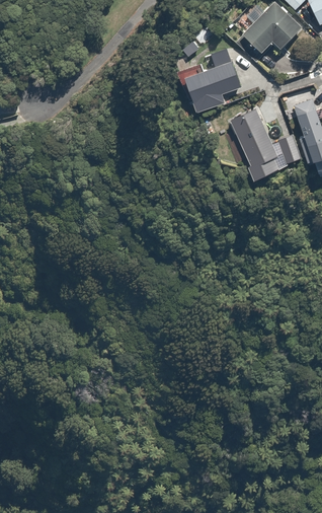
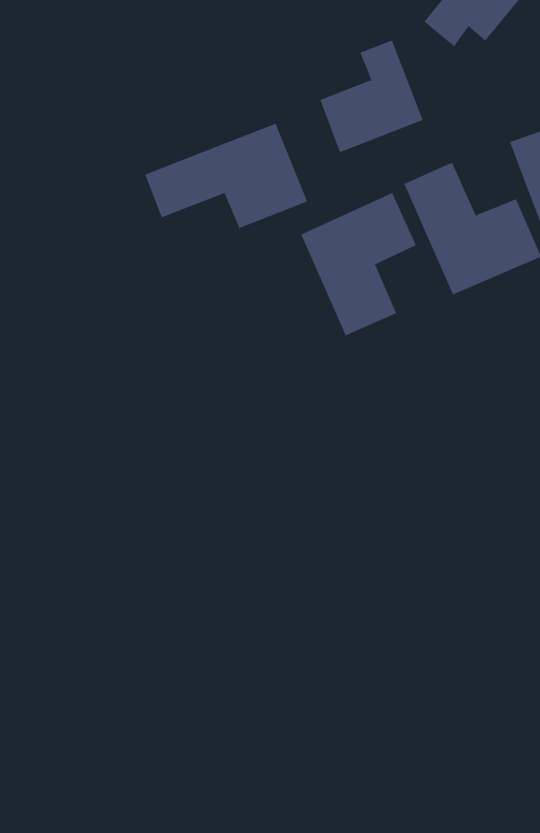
building: none -> [144,123,308,229]
building: none -> [300,192,417,336]

